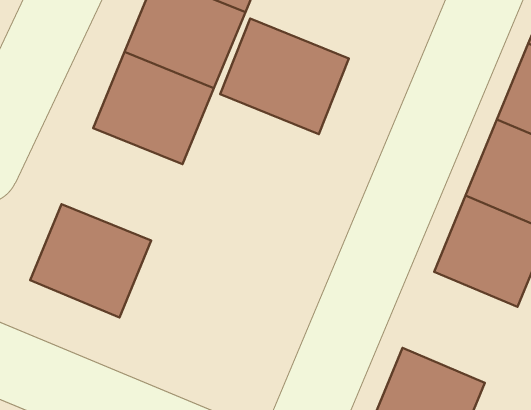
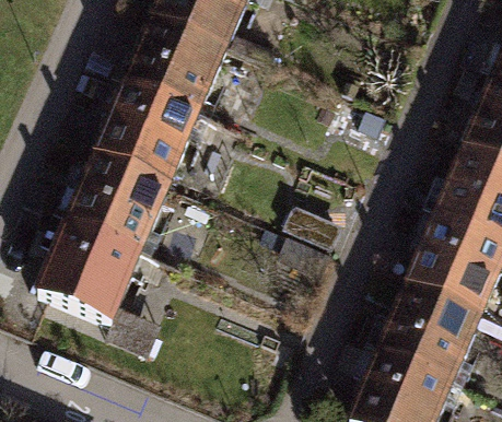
building: [220,18,349,134] -> none
building: none -> [70,146,179,248]
building: none -> [378,277,482,377]

